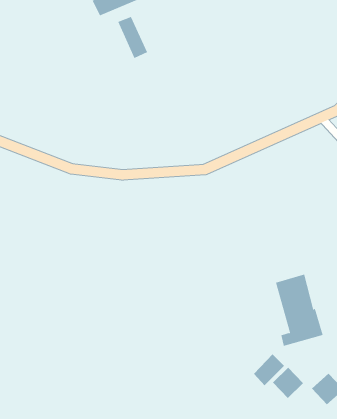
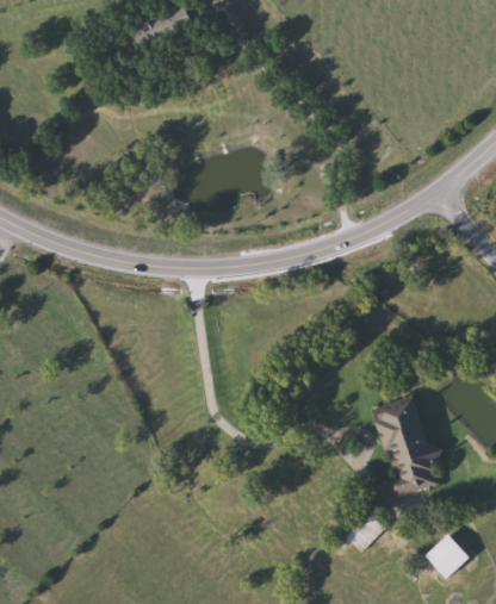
building: [118,16,148,59] -> none
building: [272,367,304,399] -> none

